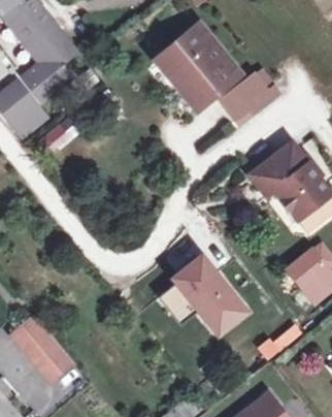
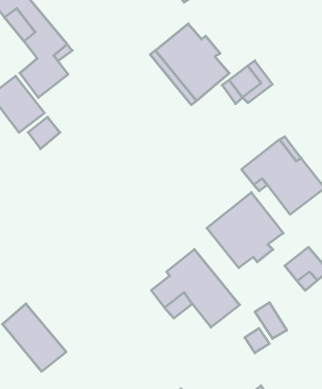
building: none -> [207,192,283,268]

